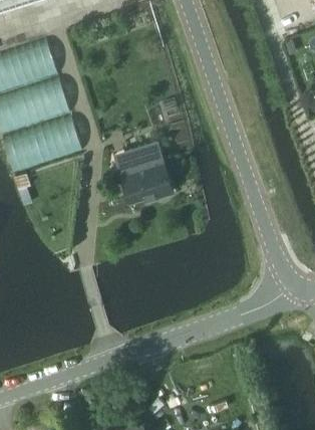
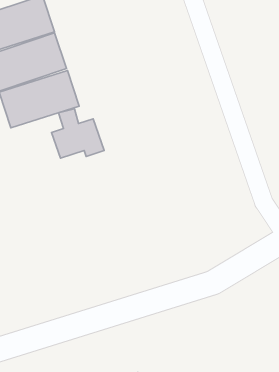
building: [119,149,173,199] -> [52,109,104,158]

